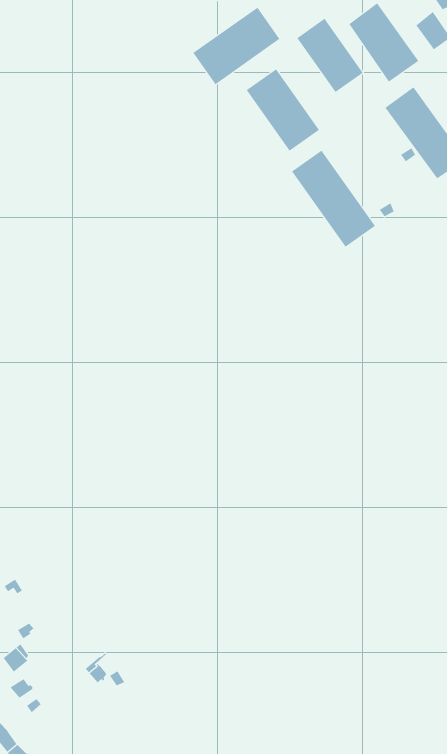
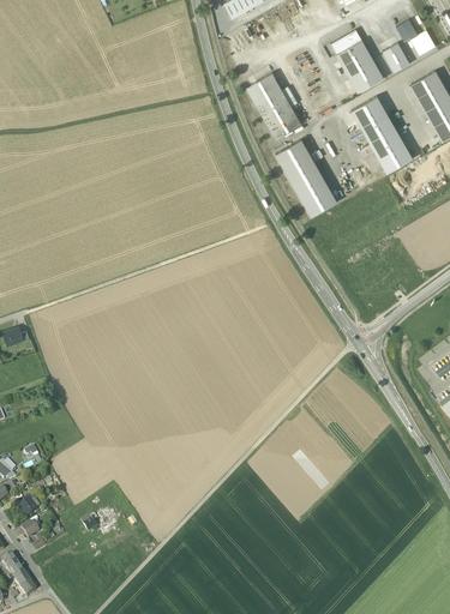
building: [193,7,280,85] -> none
building: [296,18,363,93] -> none

